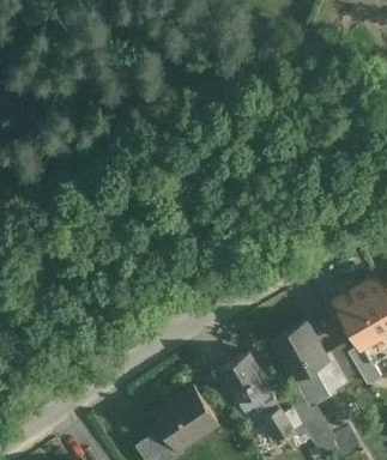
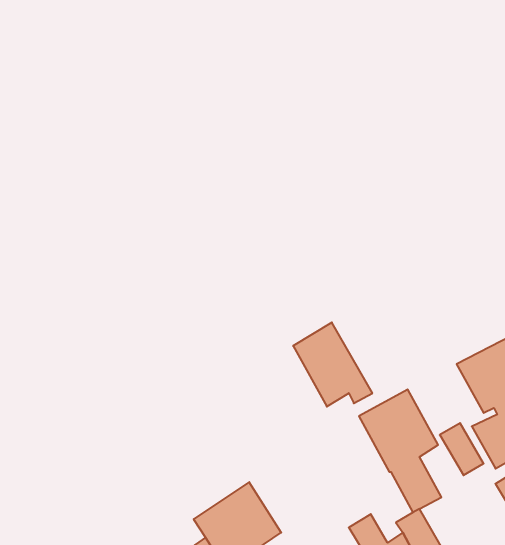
building: [220,351,277,411] -> [293,322,372,407]

